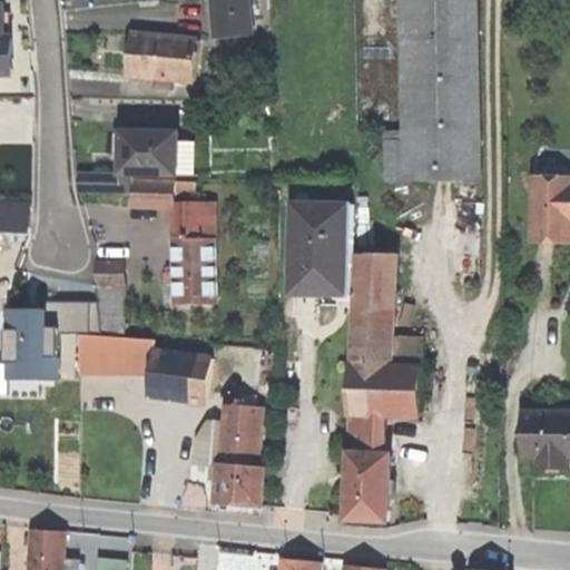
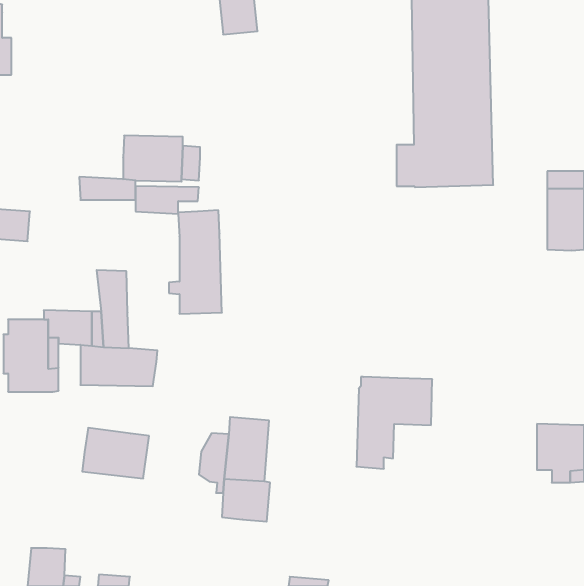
building: [126,32,197,81] -> none
building: [291,205,351,294] -> none
building: [352,267,391,366] -> none
building: [146,351,210,400] -> [82,428,149,478]
building: [343,452,387,521] -> none

